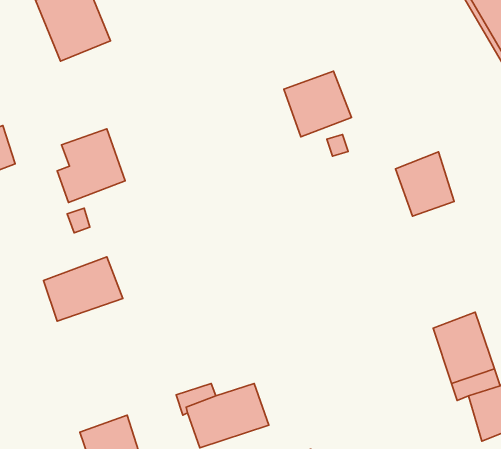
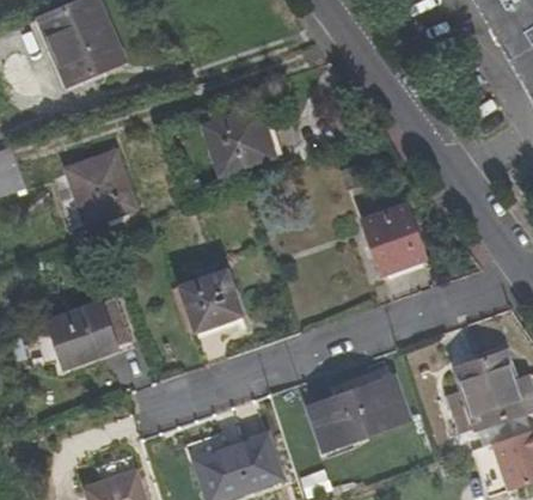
building: [284,71,352,137] -> [198,112,270,182]
building: [395,152,454,216] -> [363,207,425,275]
building: none -> [178,269,240,329]
building: none -> [312,374,411,447]

